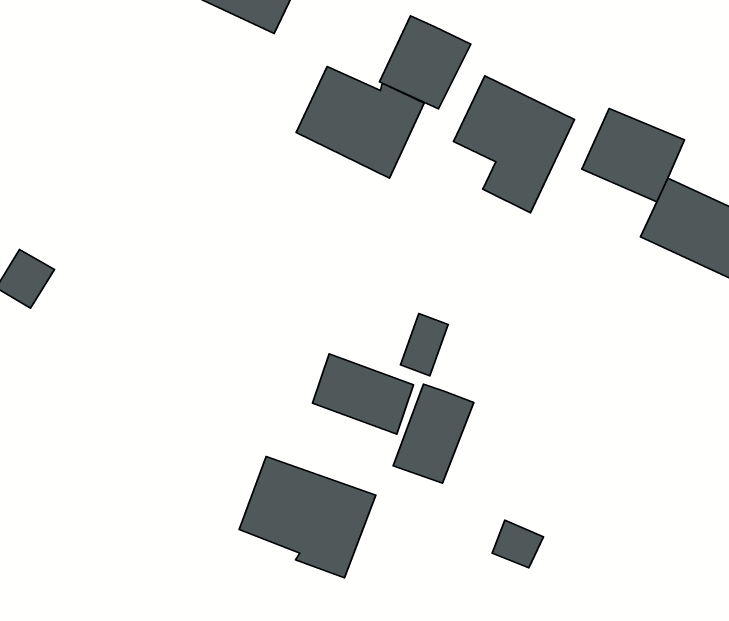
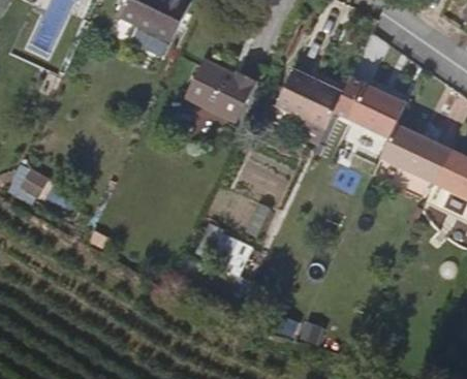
building: [379,16,471,109] -> none
building: [393,384,474,483] -> none
building: [239,456,376,578] -> none

